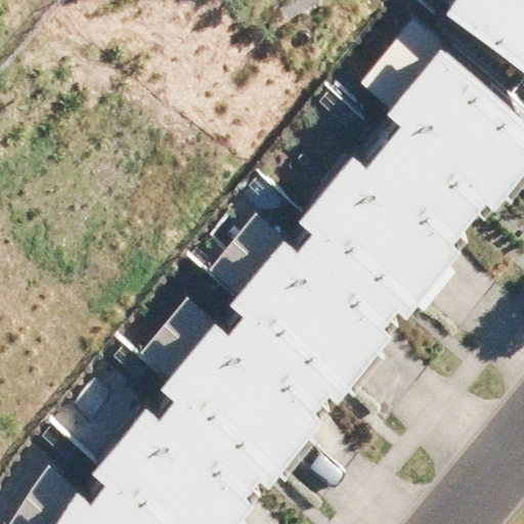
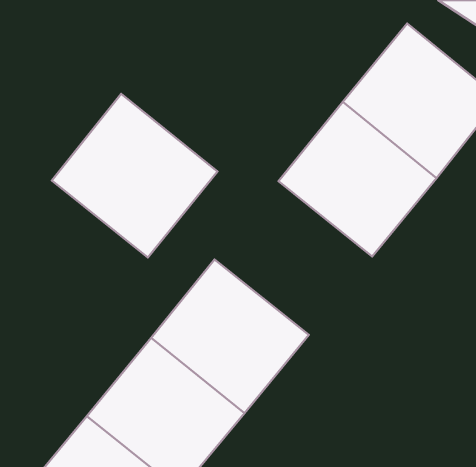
building: none -> [52,94,217,257]
building: [239,213,410,380] -> none

